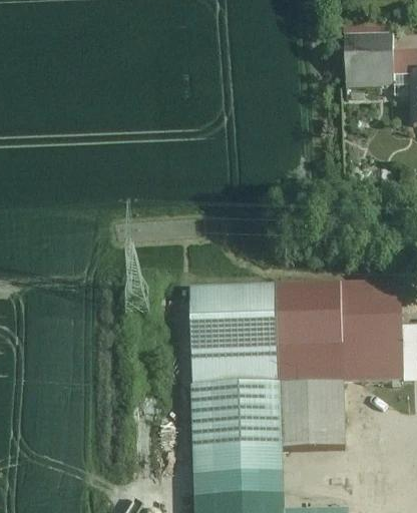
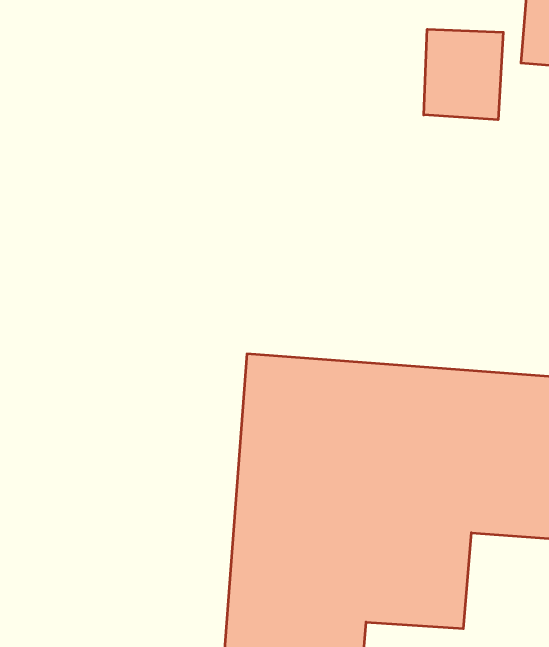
building: none -> [424,29,503,120]

